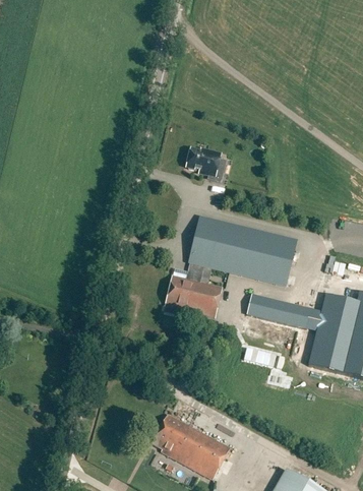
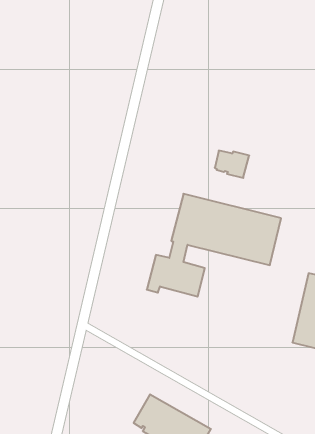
building: [188,148,223,176] -> [215,151,249,178]
building: [248,294,313,328] -> none

